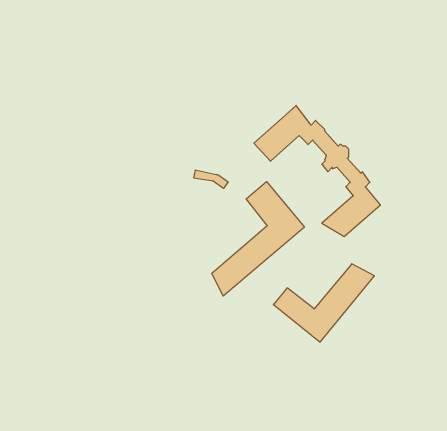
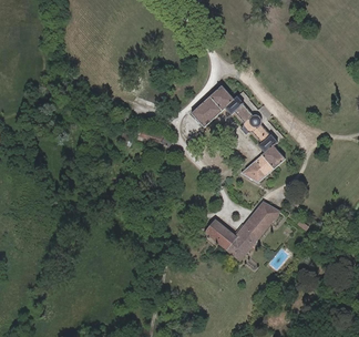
building: [212,182,304,296] -> none

